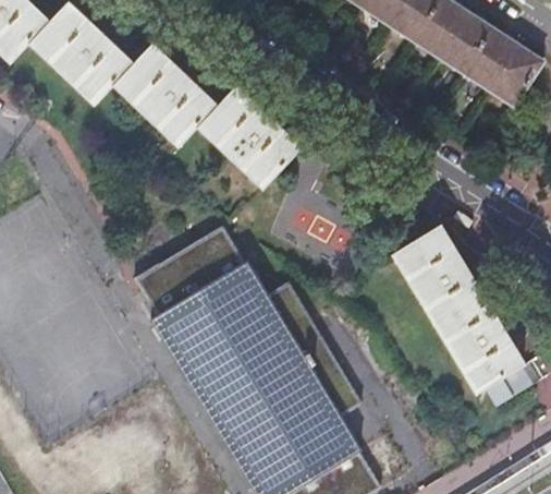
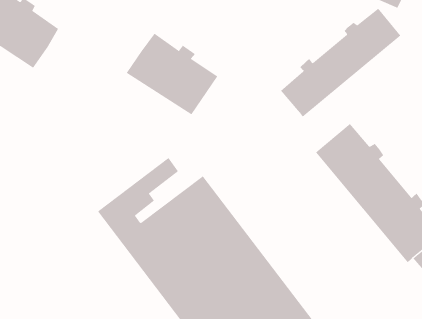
building: [112,44,216,143] -> none
building: none -> [280,8,401,117]

